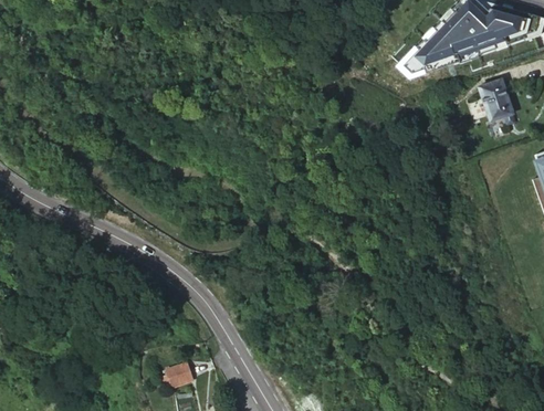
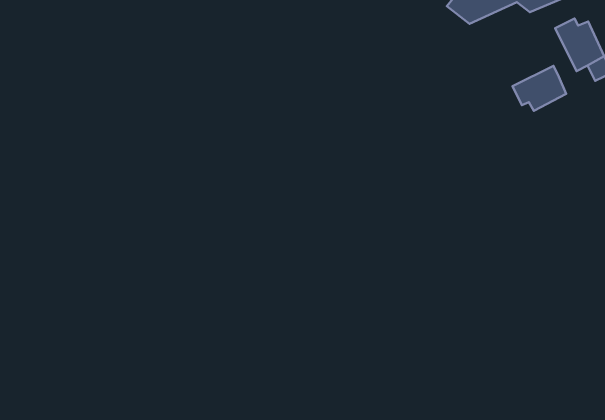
building: none -> [513,66,566,111]

